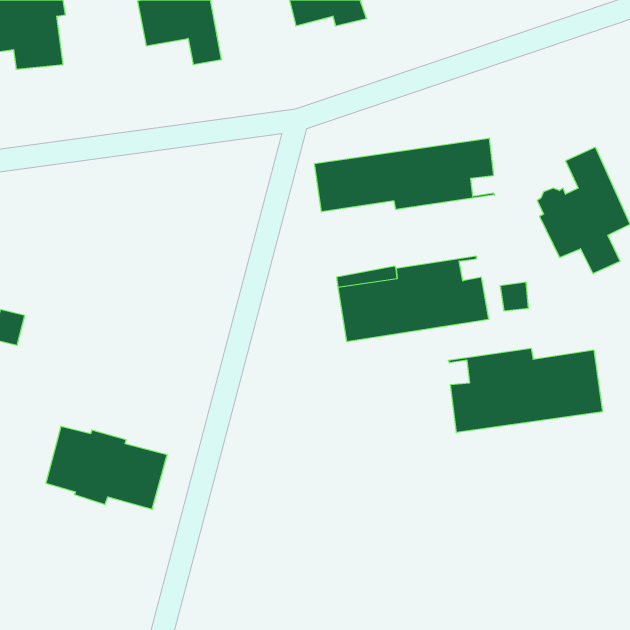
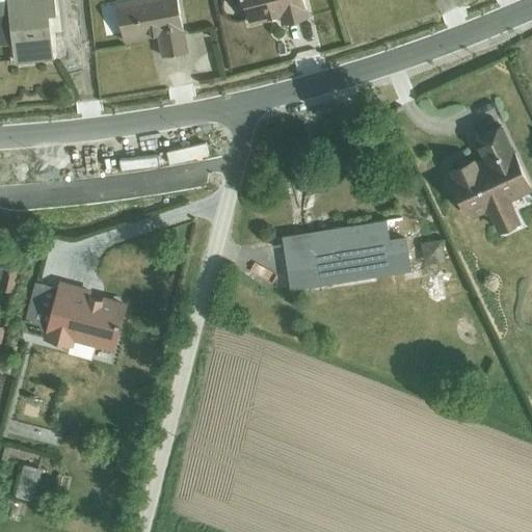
building: [315,138,494,212] -> none
building: [449,348,602,433] -> none
building: [46,426,167,509] -> [22,281,124,350]
building: none -> [14,464,39,501]

